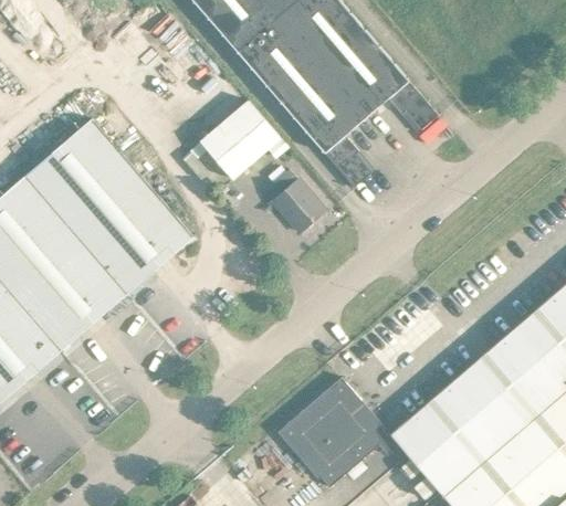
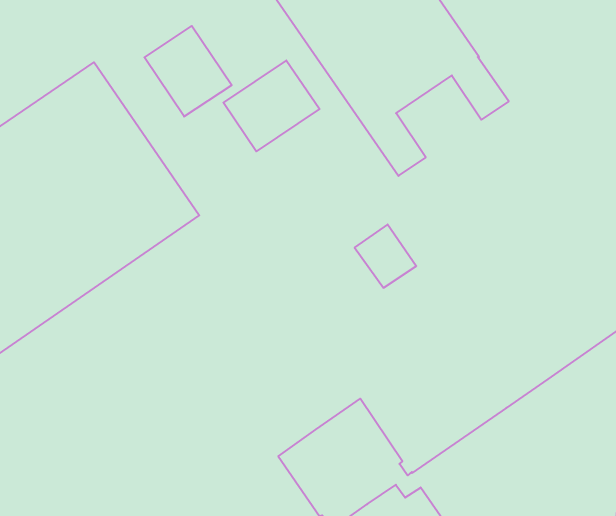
building: none -> [144,26,232,117]
building: [272,178,325,231] -> [355,224,416,288]

